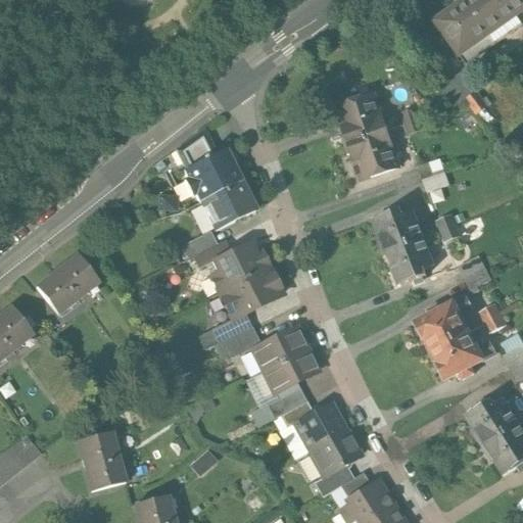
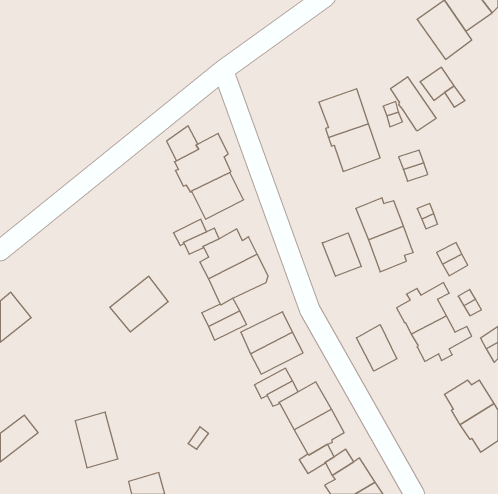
building: none -> [391,77,436,131]
building: none -> [322,233,361,276]
building: [37,254,98,313] -> [110,276,168,332]
building: none -> [356,325,397,371]

